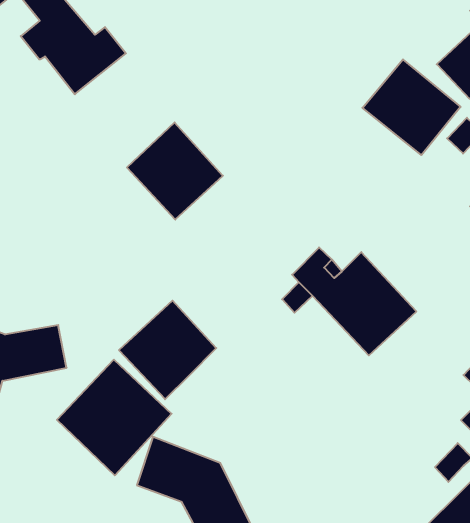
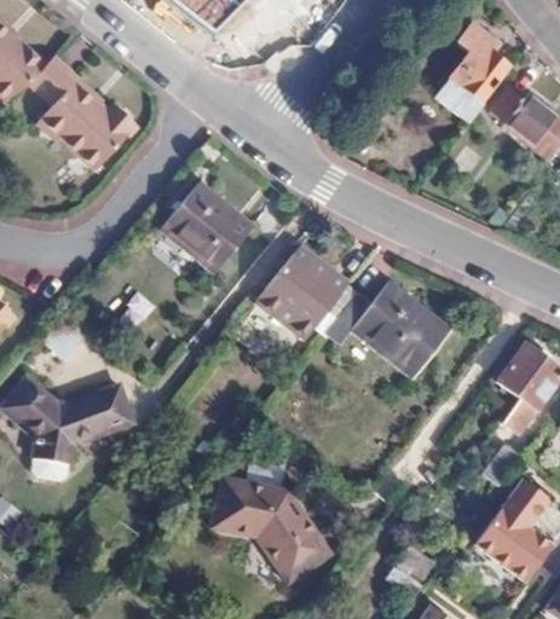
building: [362,59,461,155] -> none
building: [119,301,216,399] -> [259,242,350,335]
building: [57,360,172,475] -> none

